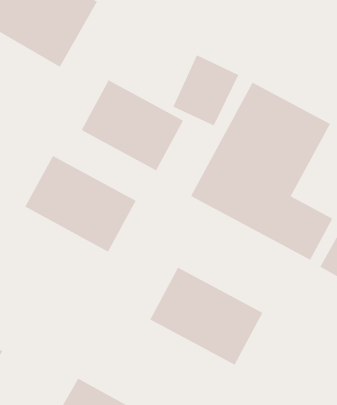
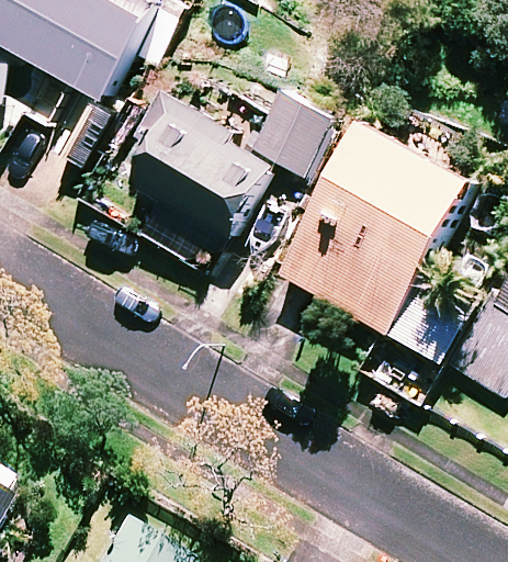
building: [24,155,137,252] -> none
building: [149,267,263,366] -> none

